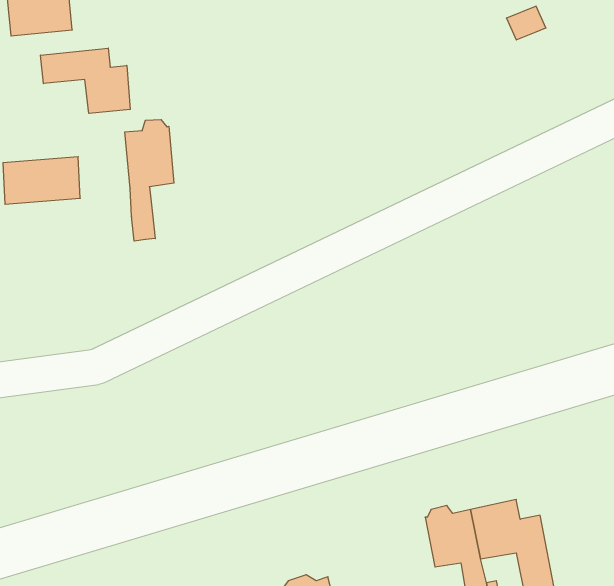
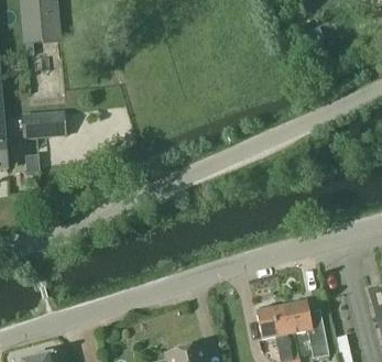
building: [41,48,130,113] -> none
building: [125,120,174,241] -> none

